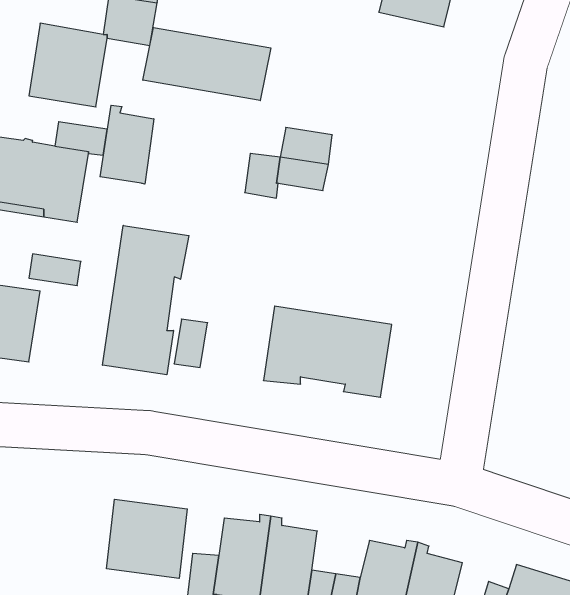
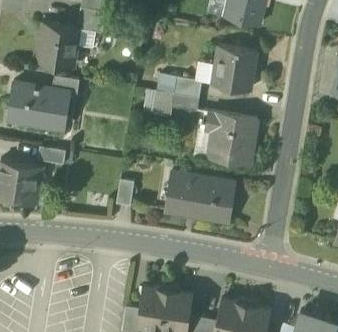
building: [143,27,271,101] -> none
building: none -> [214,47,254,90]
building: [100,105,154,184] -> none
building: none -> [206,112,255,164]
building: [103,225,189,375] -> none
building: [107,499,187,578] -> none

